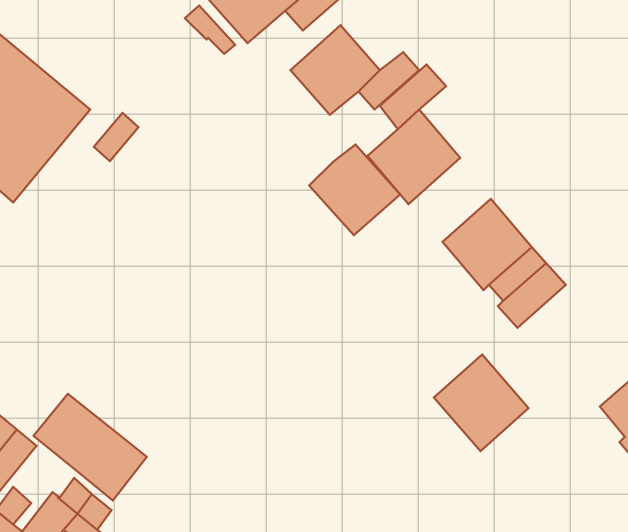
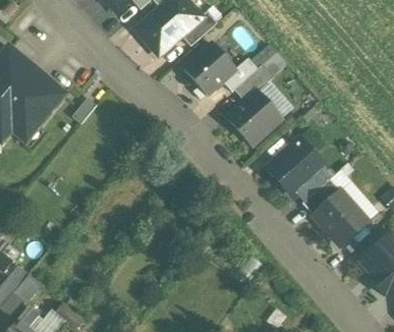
building: [309,145,400,235] -> none
building: [434,355,529,451] -> [314,190,368,245]
building: [34,394,147,501] -> none

